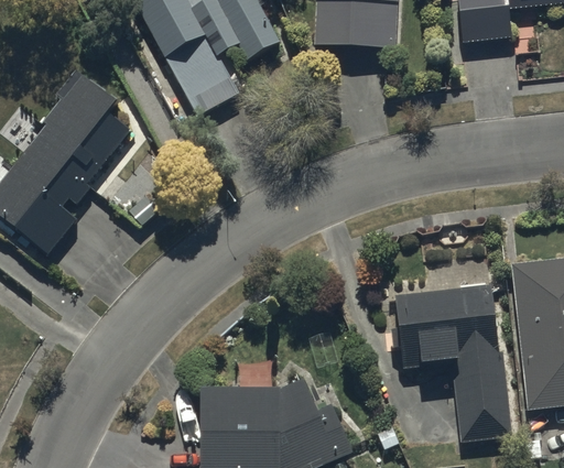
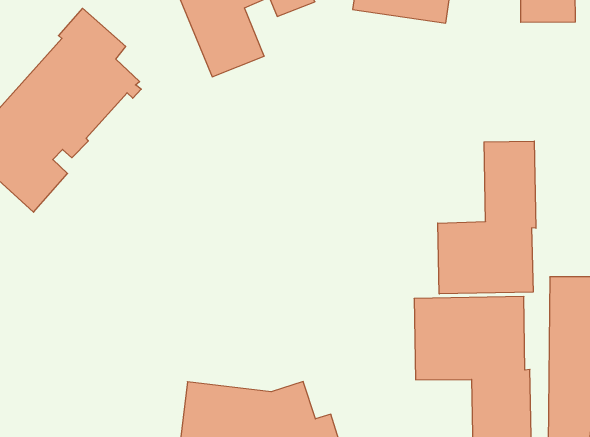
building: none -> [438,141,536,294]

